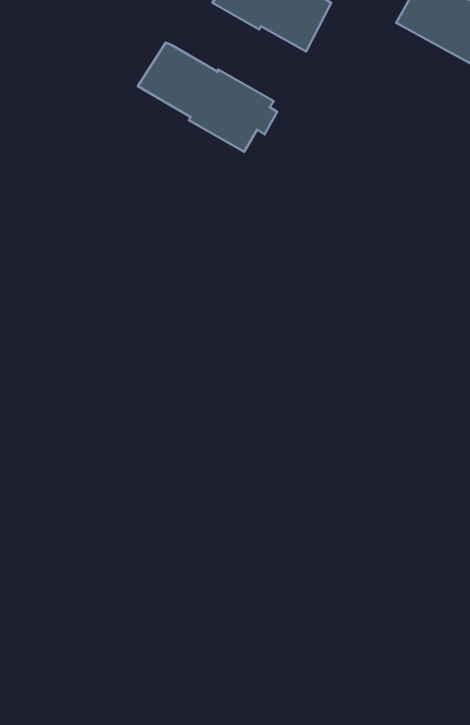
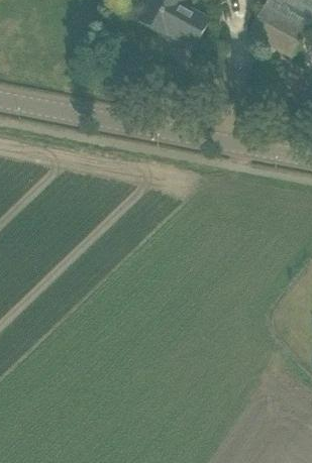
building: [138,42,277,152] -> none

